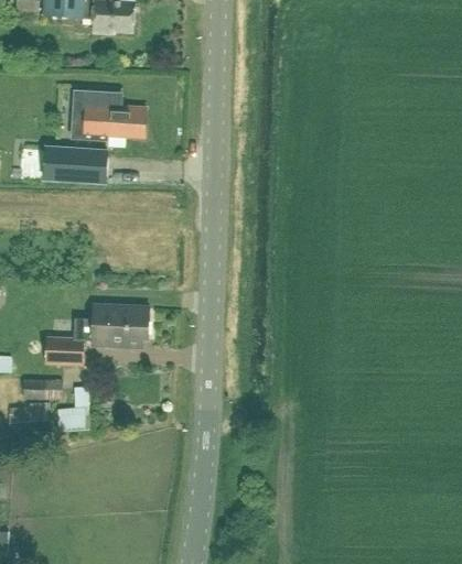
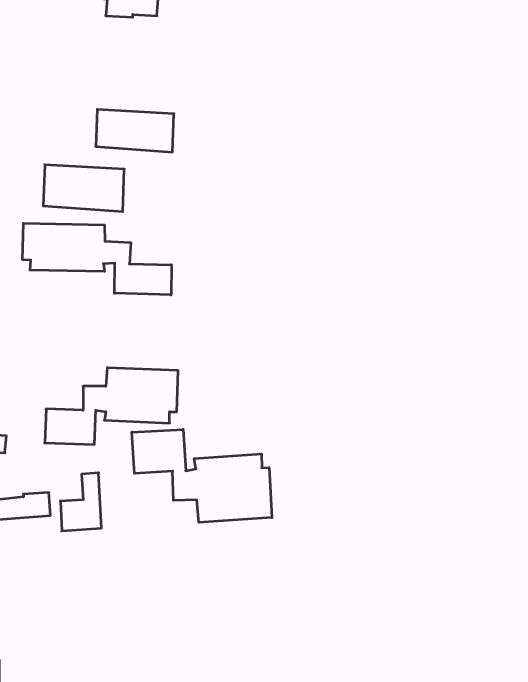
building: none -> [23,223,171,295]
building: none -> [132,429,272,522]
building: [23,379,61,399] -> none

